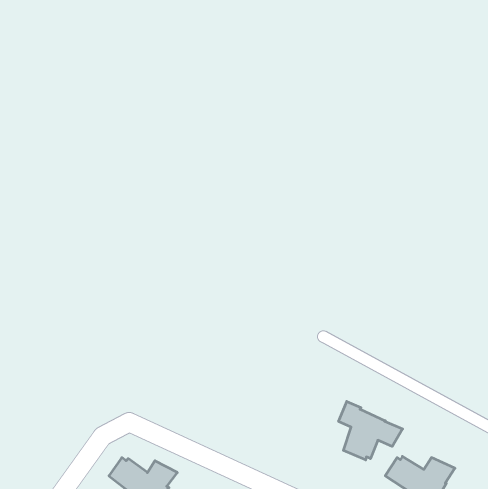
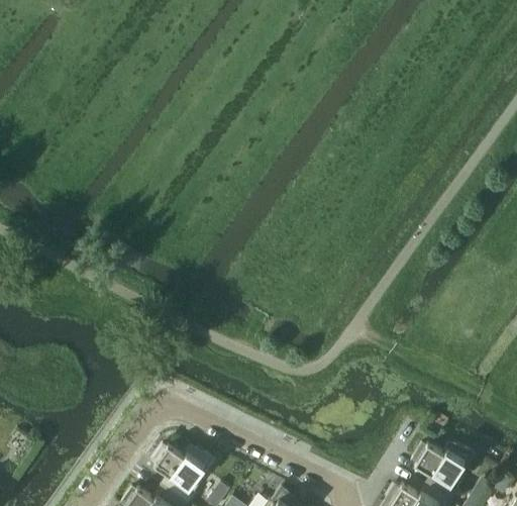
building: [339,401,403,460] -> none

